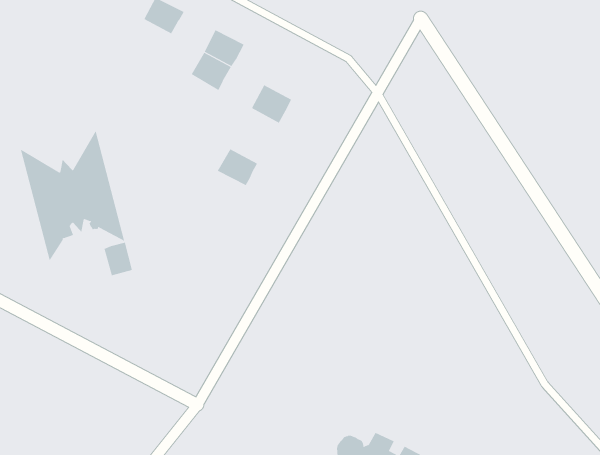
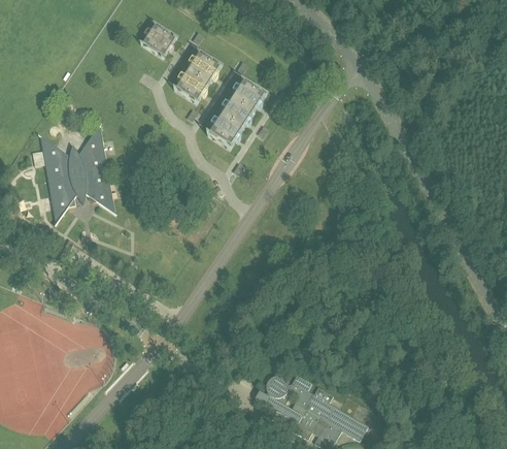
building: none -> [231,83,263,113]
building: [217,148,258,186] -> [208,117,240,147]
building: [104,242,133,276] -> none

